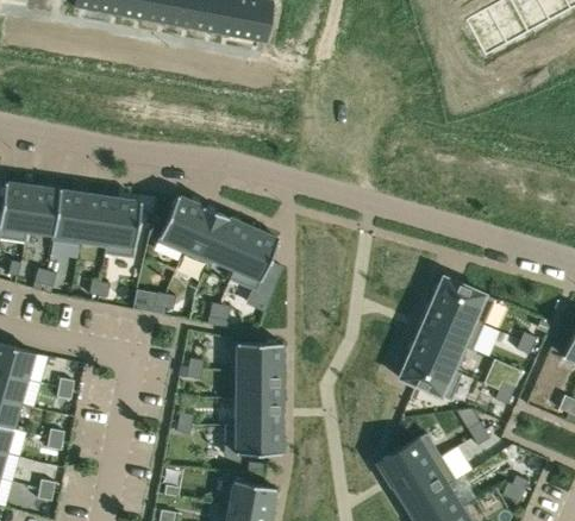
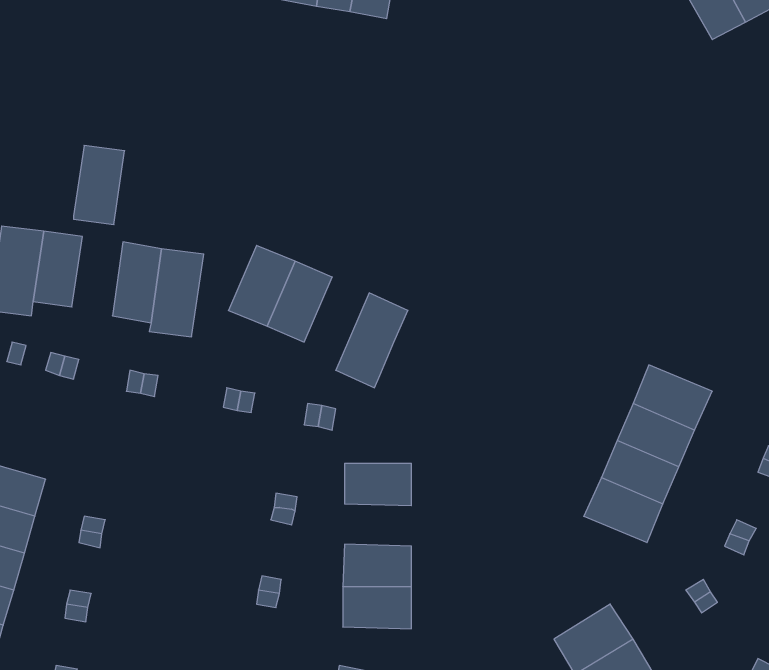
building: [52,189,87,243] -> [74,145,125,225]
building: [210,216,254,271] -> none
building: [237,370,282,398] -> none

